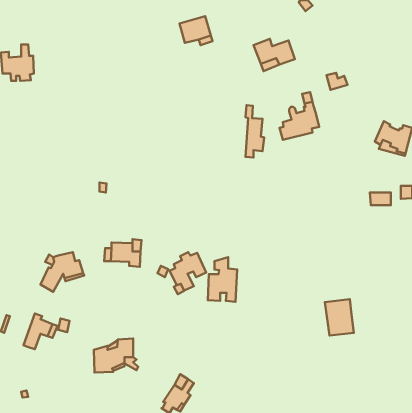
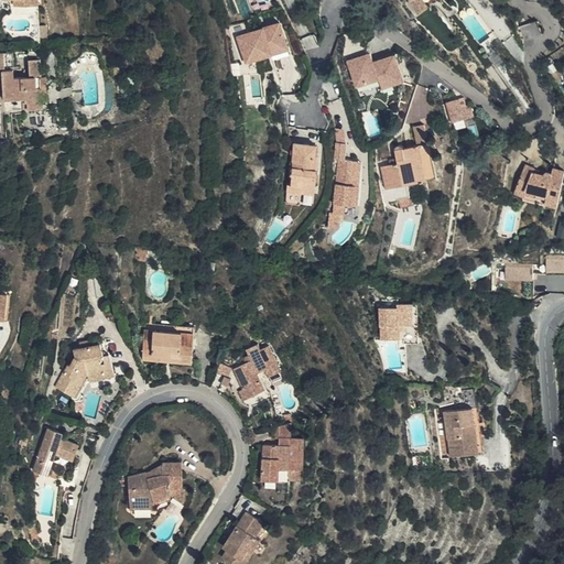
building: none -> [284,144,317,205]
building: none -> [379,303,412,341]
building: [208,257,237,302] -> [263,421,303,481]

